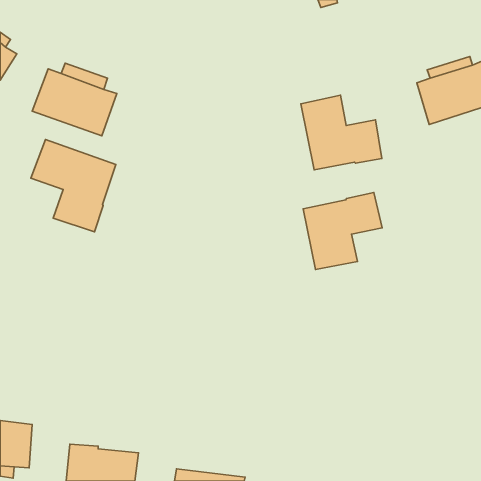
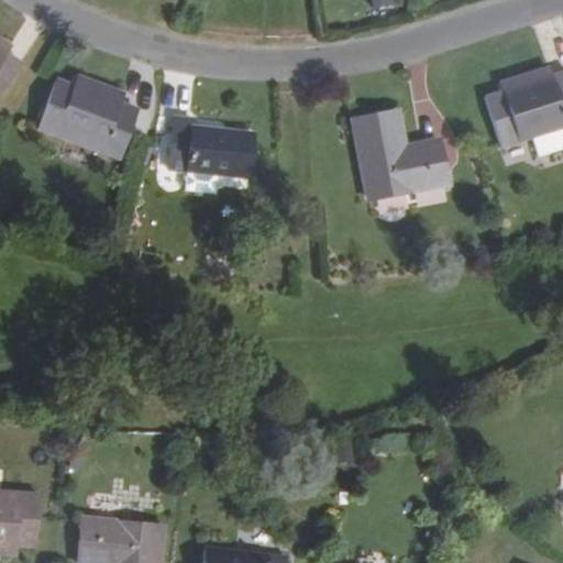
building: none -> [168,117,253,178]
building: [31,139,116,232] -> none
building: [303,193,382,270] -> none

